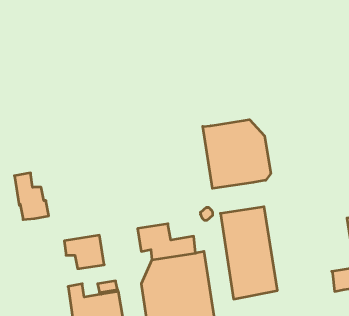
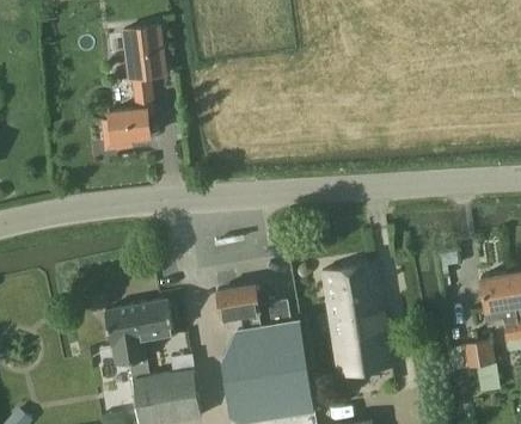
building: none -> [102,26,166,150]
building: [203,120,271,188] -> none
building: [14,173,49,220] -> [104,307,147,365]

